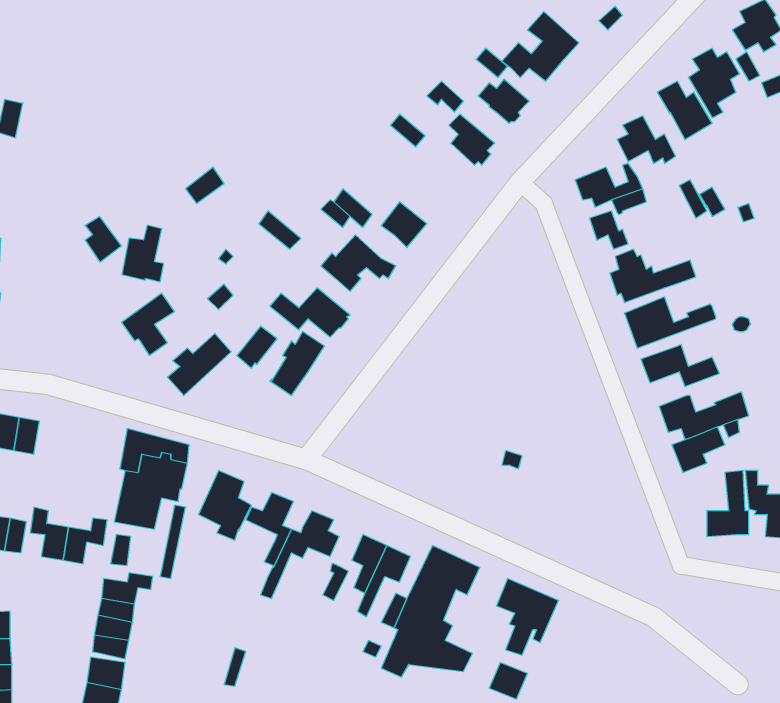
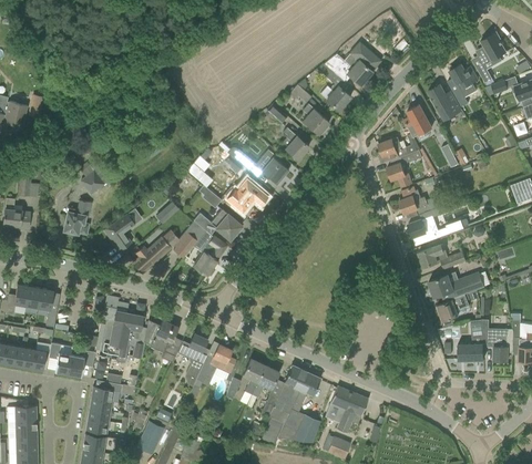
building: none -> [279,127,308,159]
building: [122,225,164,282] -> [63,200,89,235]
building: none -> [134,420,163,454]

